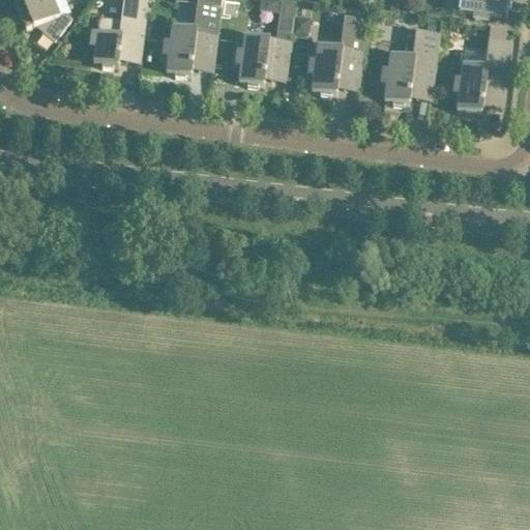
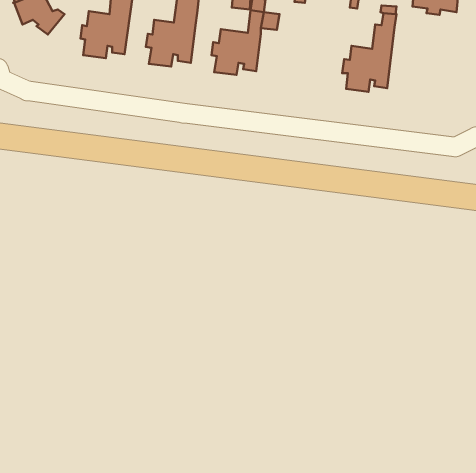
building: [306,4,366,92] -> none
building: [451,23,510,111] -> none

